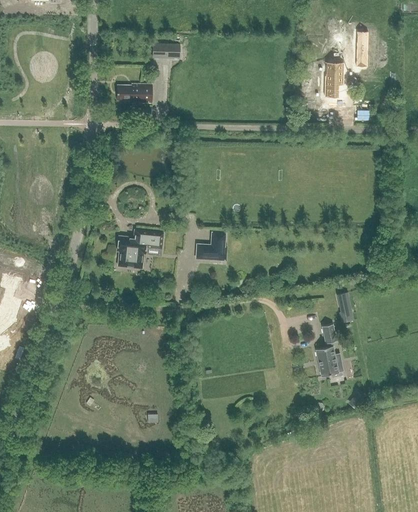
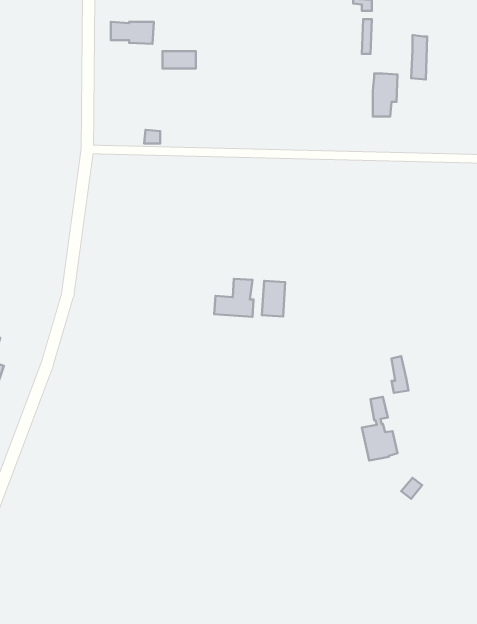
building: [117,85,152,103] -> [111,22,154,44]
building: [117,229,163,268] -> none
building: none -> [262,281,285,316]

